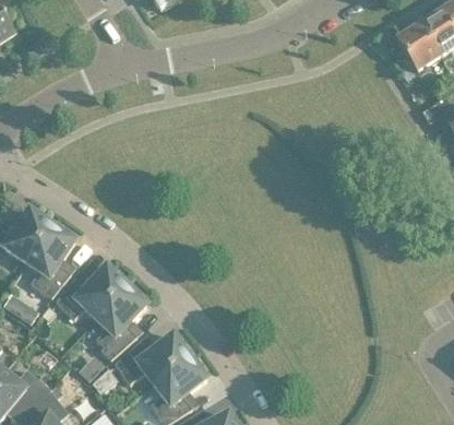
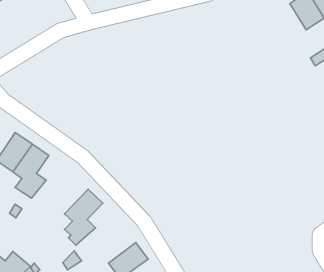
building: [56,265,127,318] -> none
building: [113,333,190,385] -> none

